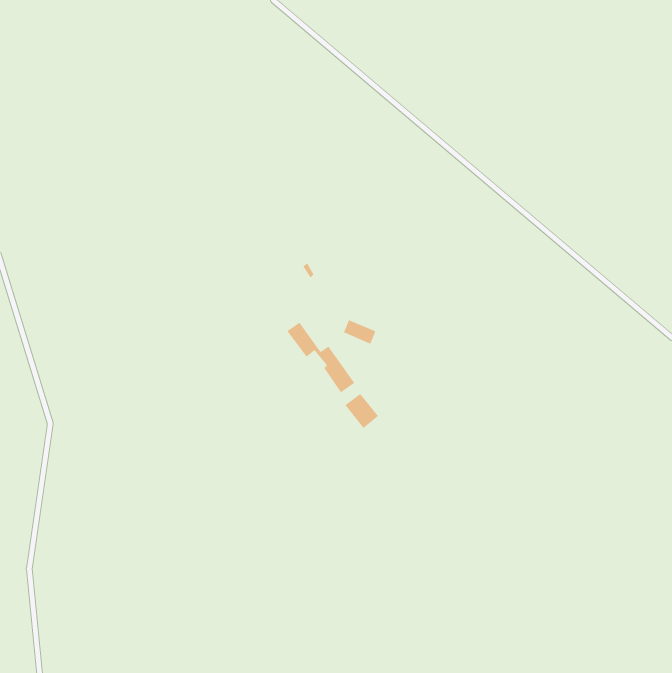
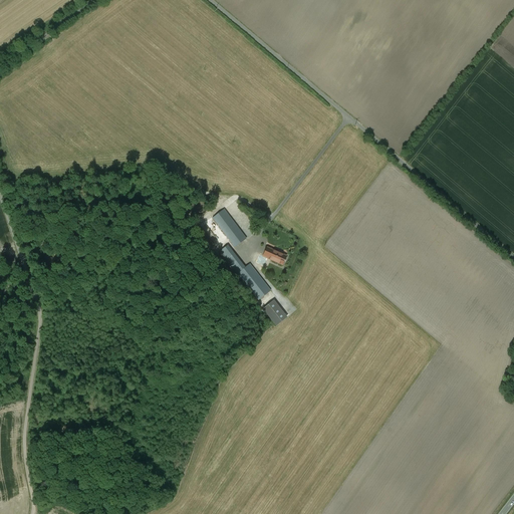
building: none -> [212,208,246,245]

